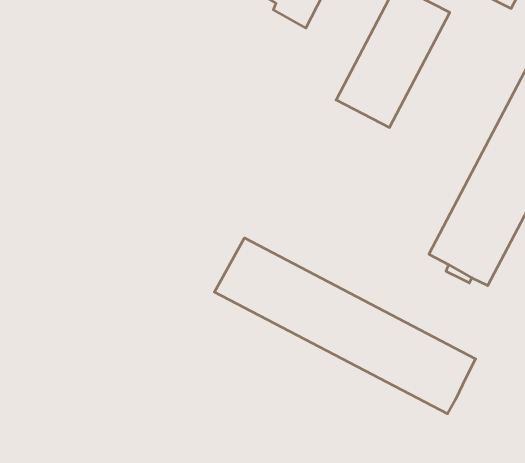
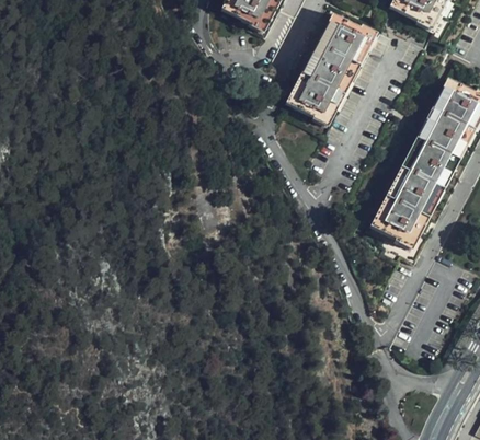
building: [214,238,476,414] -> none

